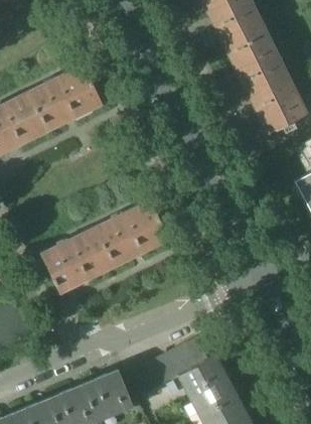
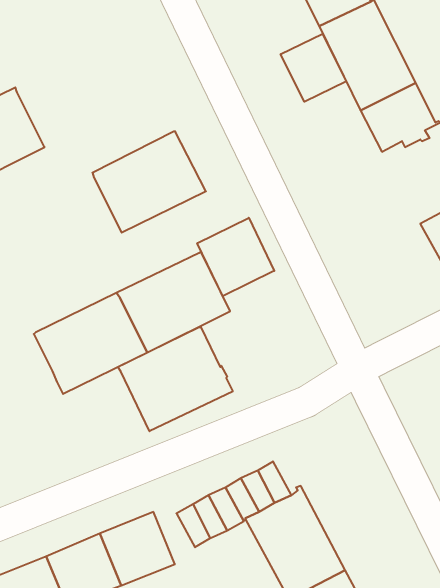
building: none -> [281,34,346,102]
building: [30,63,105,130] -> [92,131,206,233]
building: none -> [197,218,274,296]
building: none -> [118,327,233,431]

